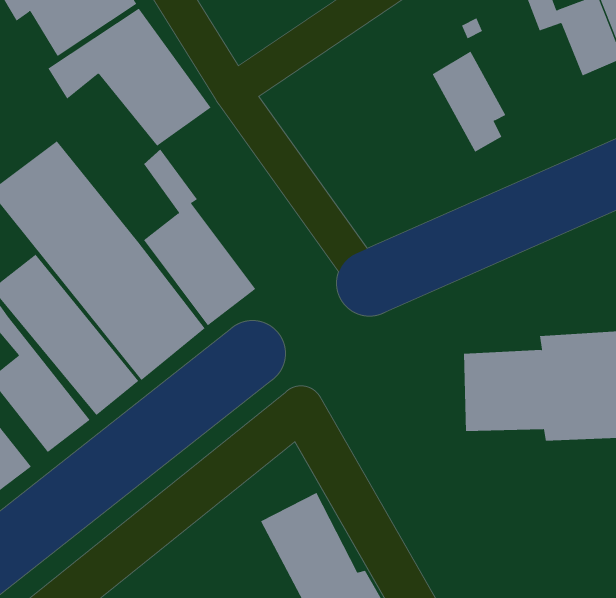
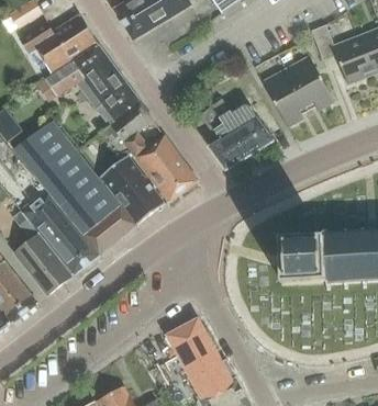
building: none -> [285,57,333,110]
building: none -> [199,99,271,170]
building: none -> [110,102,197,202]

